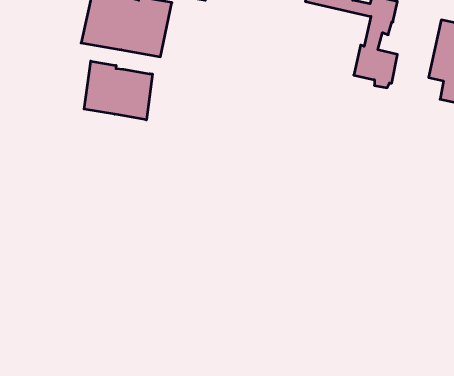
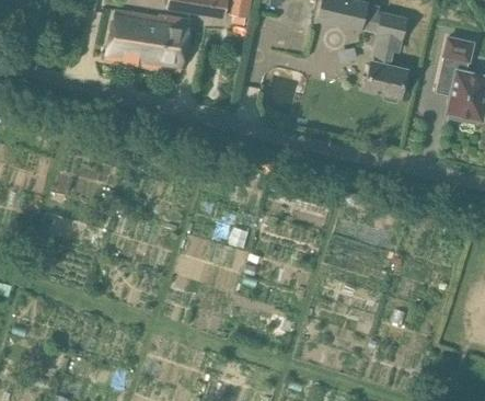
building: [84,61,152,120] -> none

